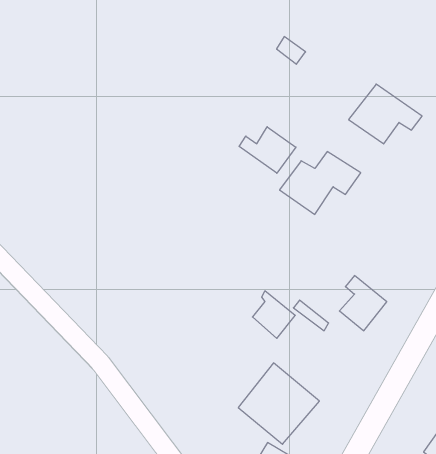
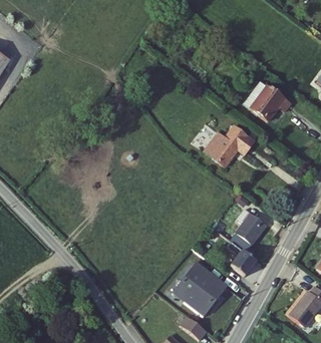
building: [239,127,296,173] -> none
building: [252,291,295,338] -> [229,241,257,272]

